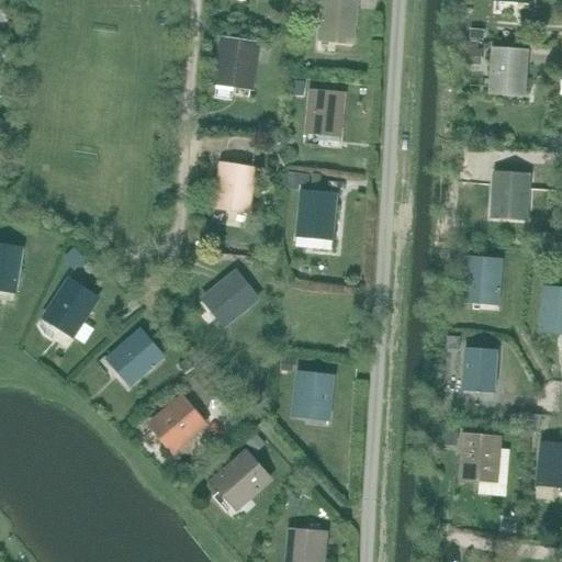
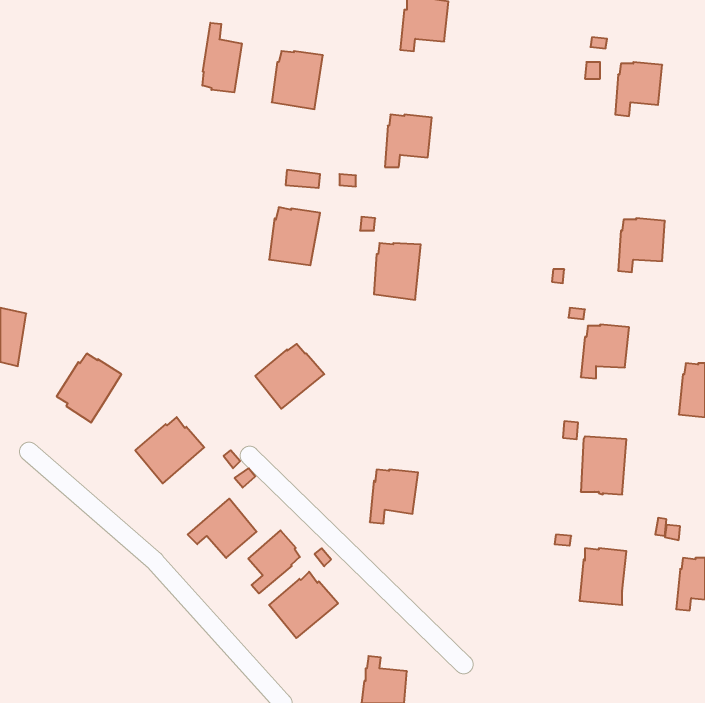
building: none -> [202,23,242,92]
building: none -> [248,530,300,593]

